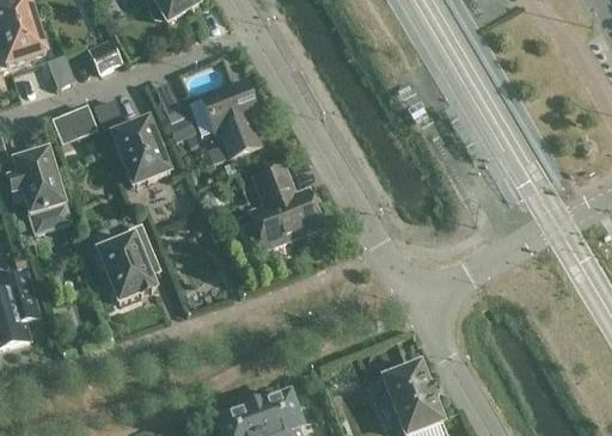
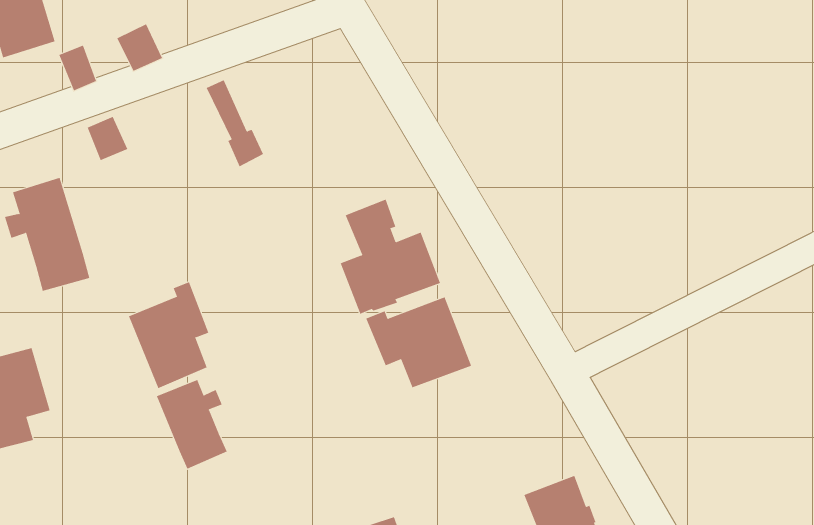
building: [188,80,259,155] -> none
building: [94,100,170,185] -> none
building: none -> [365,296,472,388]
building: none -> [156,379,228,469]

